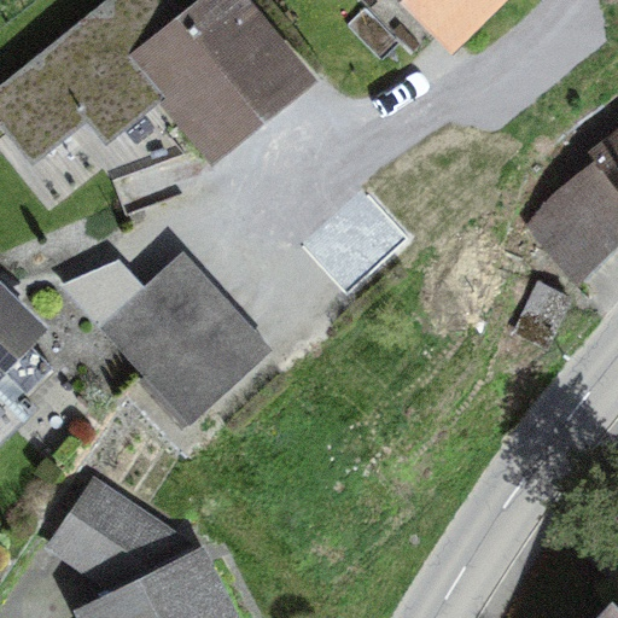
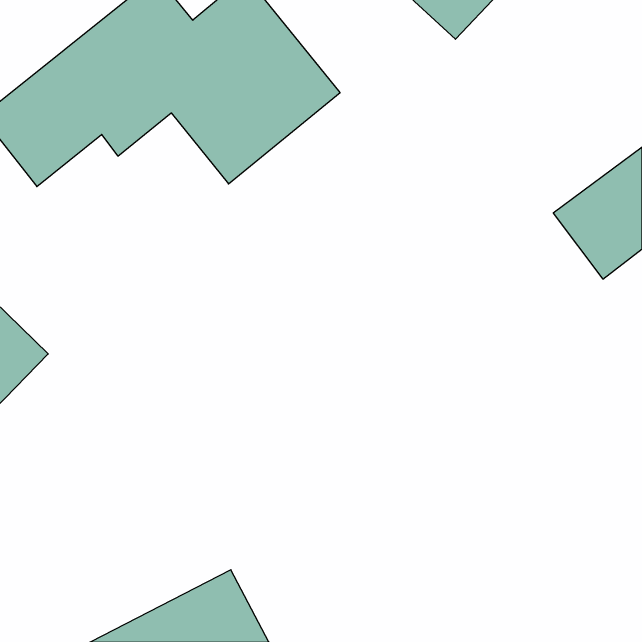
building: [98,251,260,414] -> none
building: [42,476,176,576] -> none

